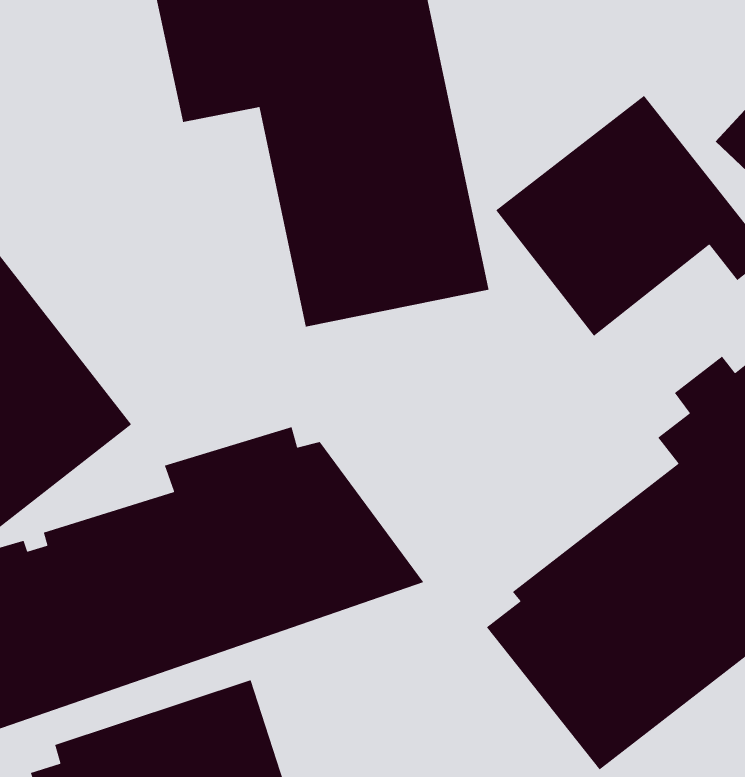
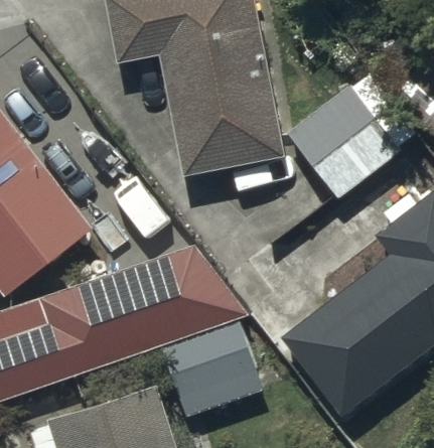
building: none -> [163,325,262,418]

